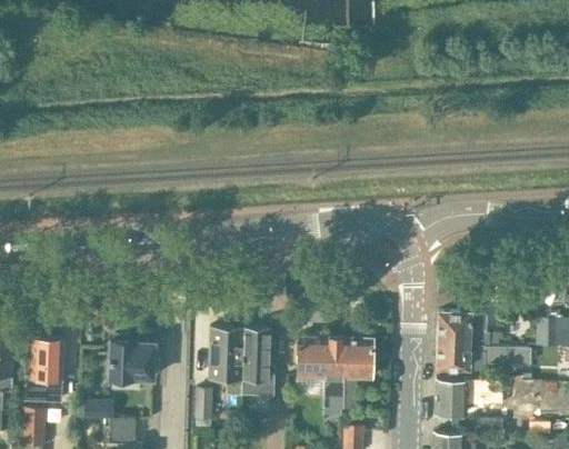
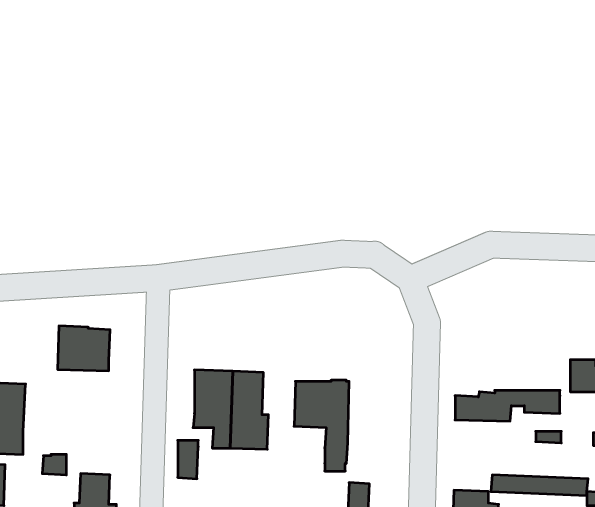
building: [437,313,499,352] -> none
building: [342,339,373,410] -> none
building: [109,341,154,380] -> [58,326,110,371]
building: [436,380,481,415] -> none

